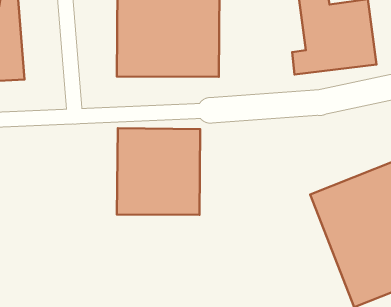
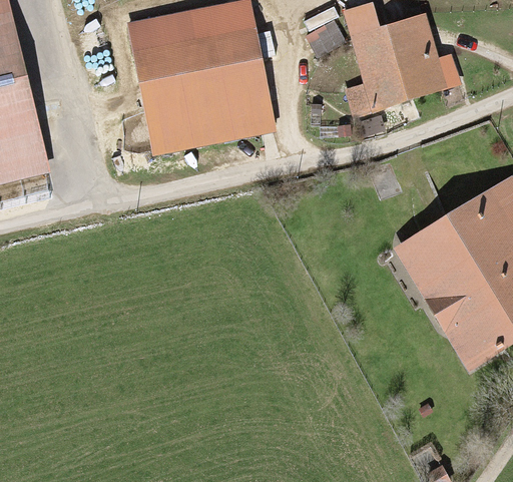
building: [117,128,200,215] -> none

